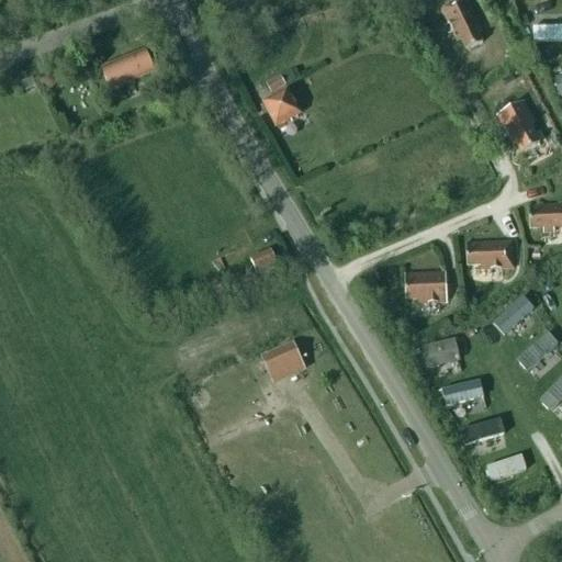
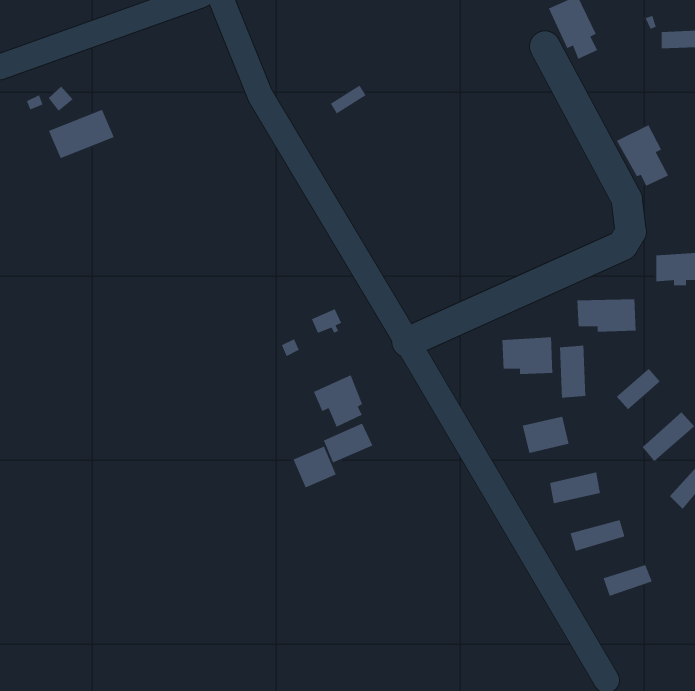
building: [101,47,155,88] -> [48,109,115,159]
building: [263,88,301,125] -> none
building: none -> [559,345,586,398]
building: none -> [313,374,363,428]
building: none -> [293,445,337,488]

